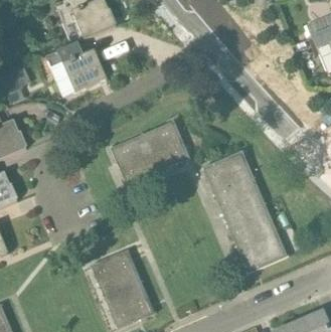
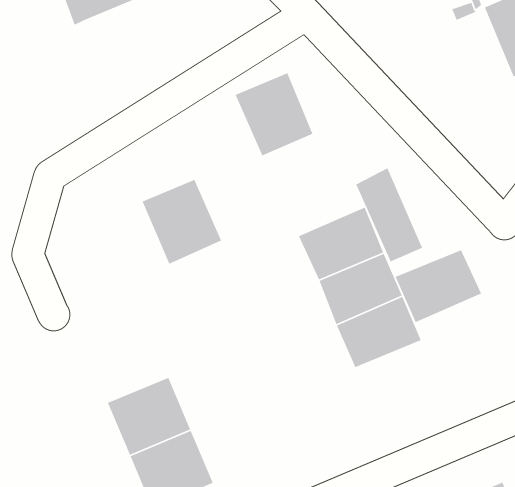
building: [47,42,108,97] -> none
building: [143,122,189,171] -> [234,72,314,157]
building: none -> [355,167,423,262]
building: [236,229,288,273] -> [394,249,482,323]

